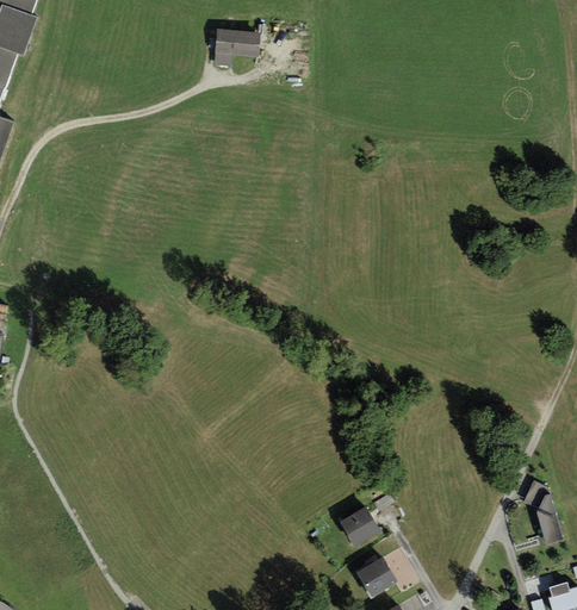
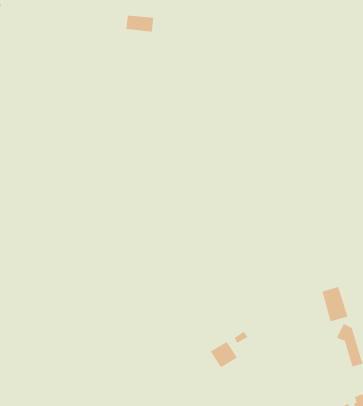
building: none -> [322,286,348,322]
building: [356,556,397,596] -> none

